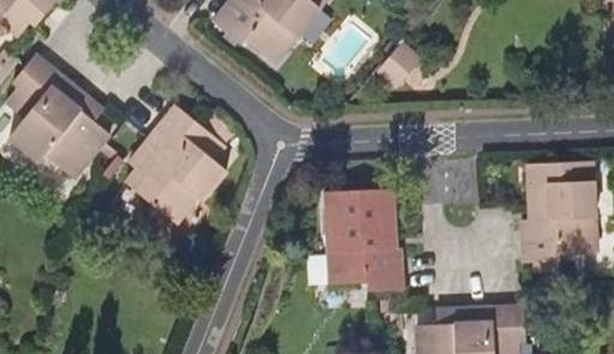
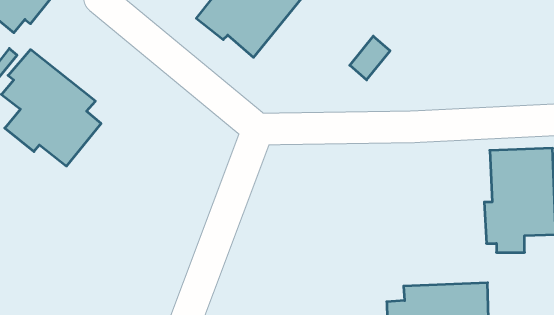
building: [125,104,237,223] -> none
building: [325,188,403,290] -> none

